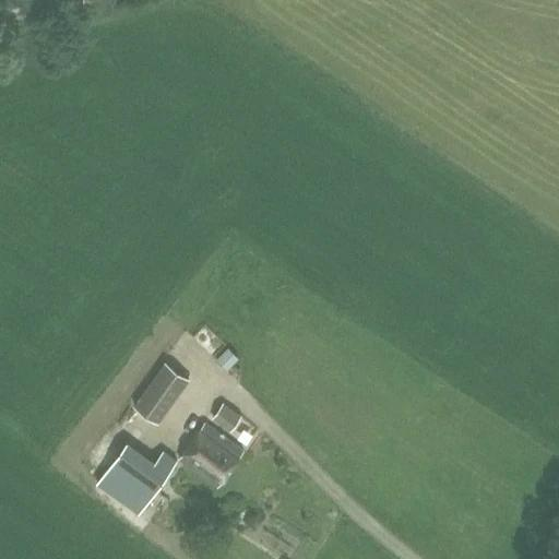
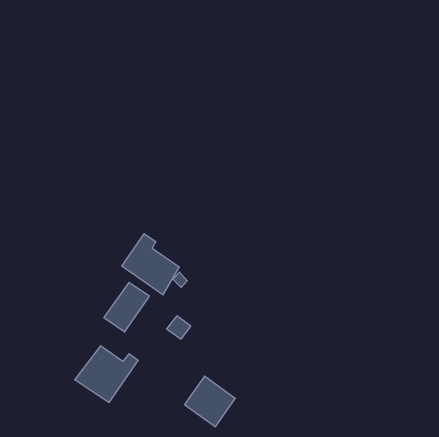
building: none -> [122,234,179,295]
building: [179,424,243,488] -> [185,376,235,427]

